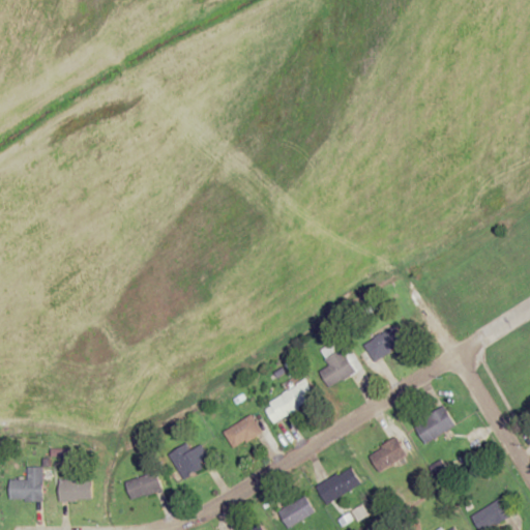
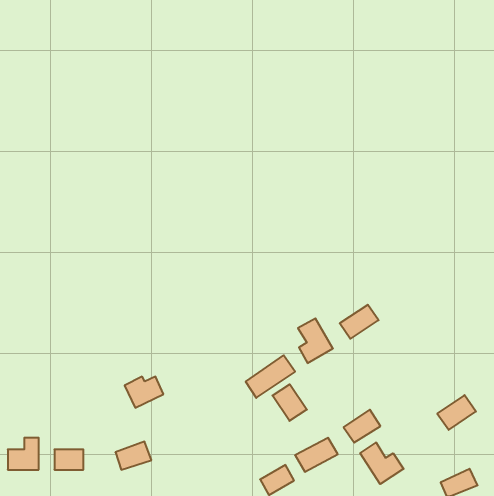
building: [413,406,454,443] -> [437,395,476,430]
building: none -> [272,384,307,421]
building: [222,415,260,448] -> none
building: [168,444,209,477] -> [125,377,163,408]
building: none -> [360,442,404,484]

